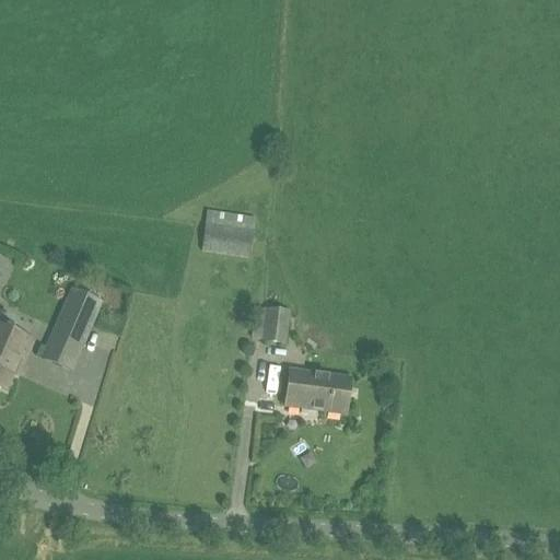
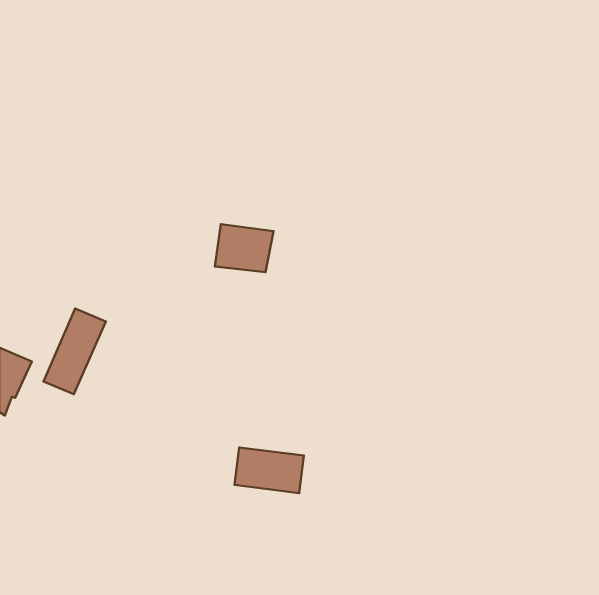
building: [261,306,289,341] -> none
building: [284,369,349,411] -> [235,447,304,493]

